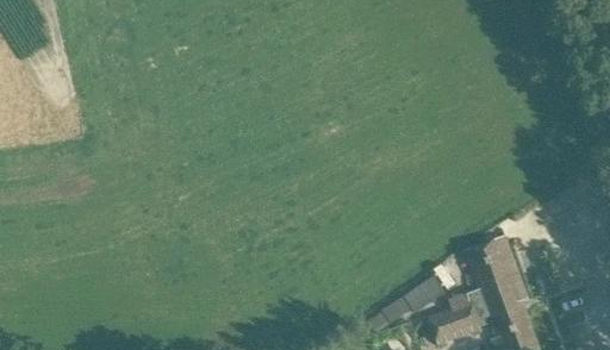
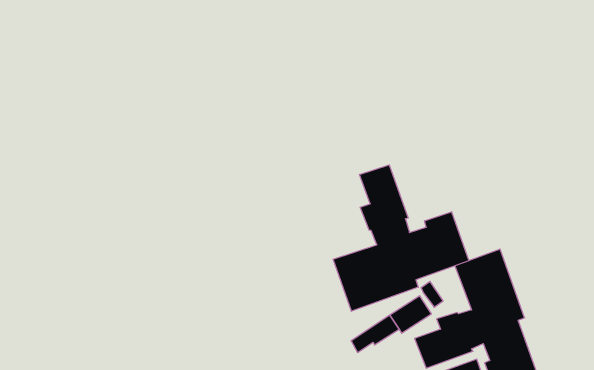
building: none -> [333,165,469,311]

